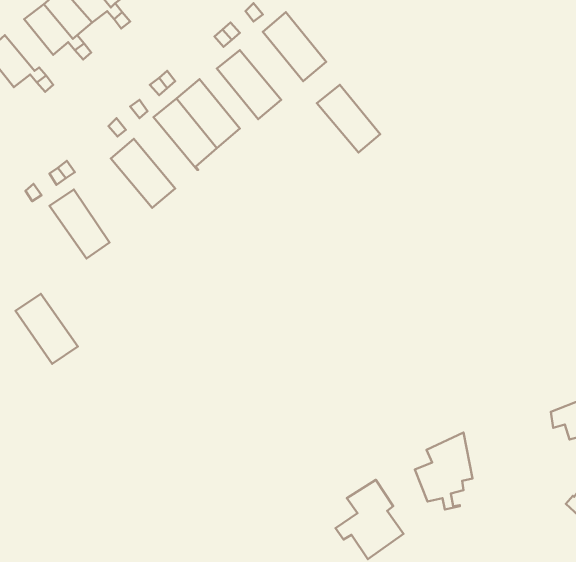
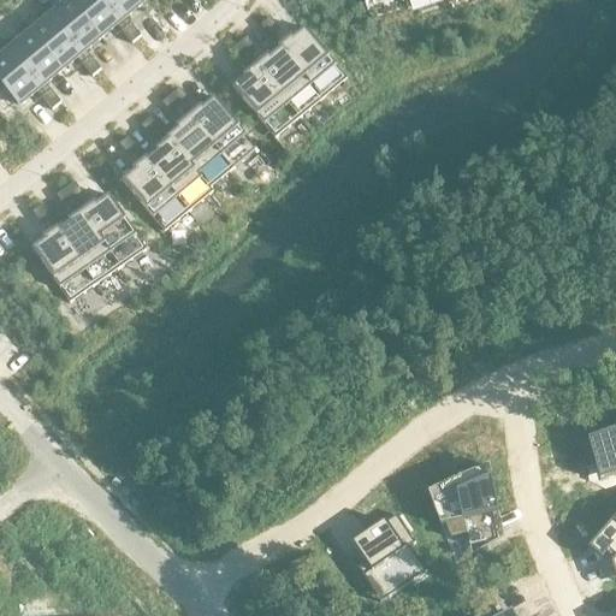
building: none -> [8,30,59,84]
building: [317,85,380,153] -> [254,43,320,114]
building: none -> [143,132,209,207]
building: none -> [81,190,144,263]
building: [15,294,78,364] -> [29,225,94,298]

